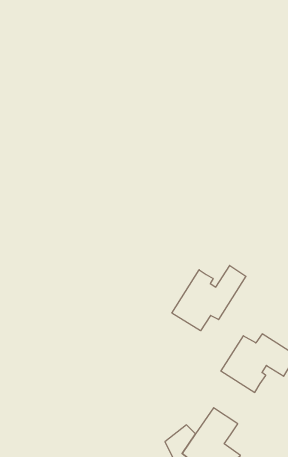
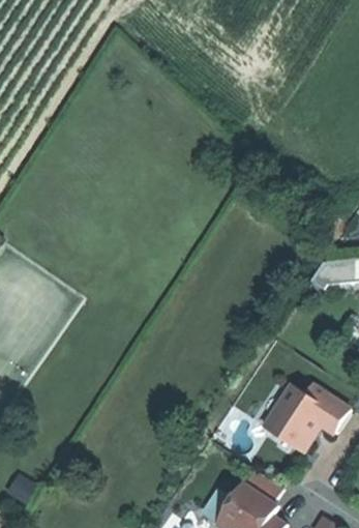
building: [172,265,246,331] -> none

